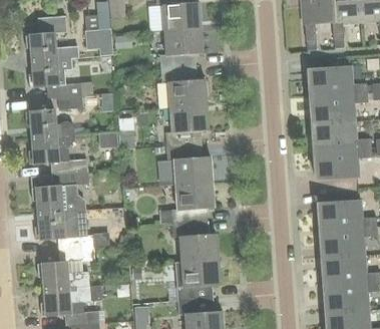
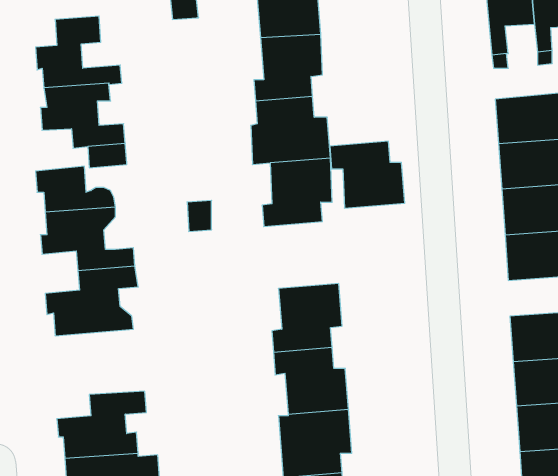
building: [84,29,112,55] -> none
building: [165,142,212,184] -> [330,141,405,208]
building: [34,209,92,249] -> none

